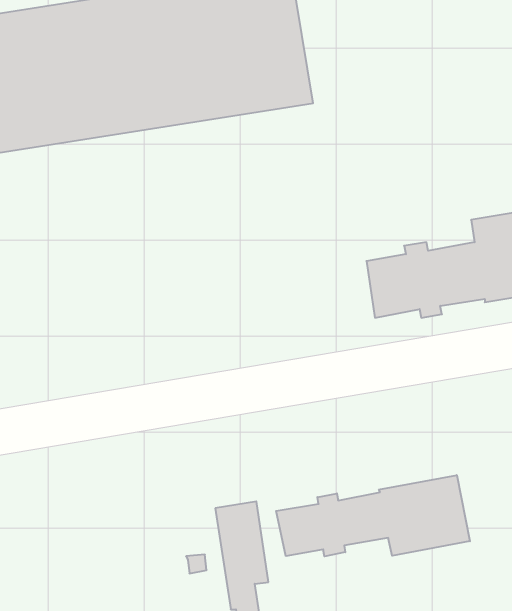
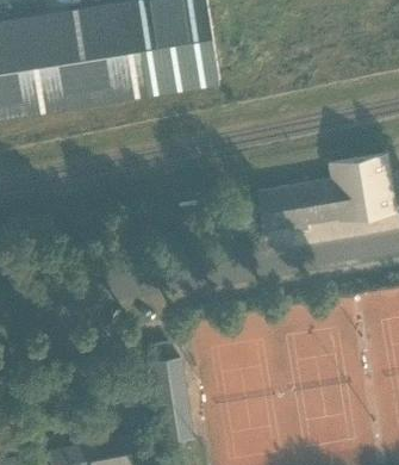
building: [276,475,470,556] -> none

